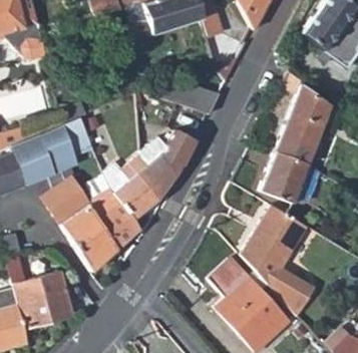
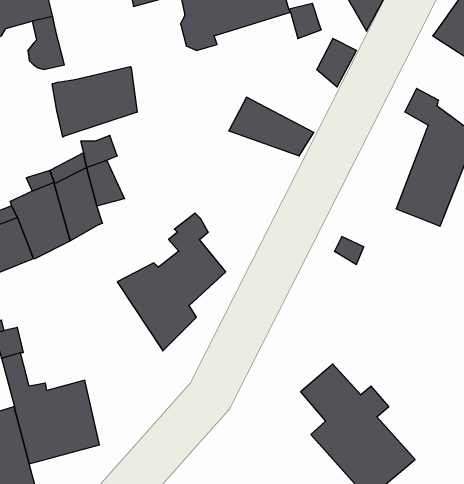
building: none -> [52,67,137,137]
building: [141,132,201,196] -> none
building: [260,152,306,204] -> none
building: [44,180,116,273] -> none
building: [241,206,314,318] -> none

